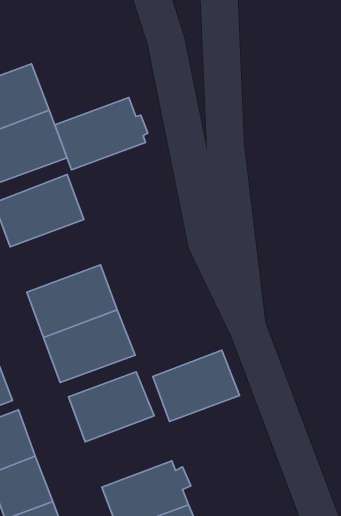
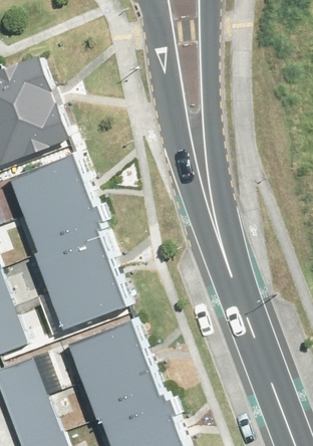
building: [55,97,148,170] -> [23,188,101,249]
building: [153,350,240,422] -> [86,354,160,414]

